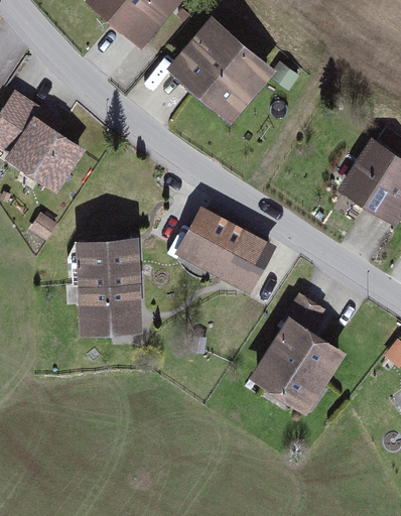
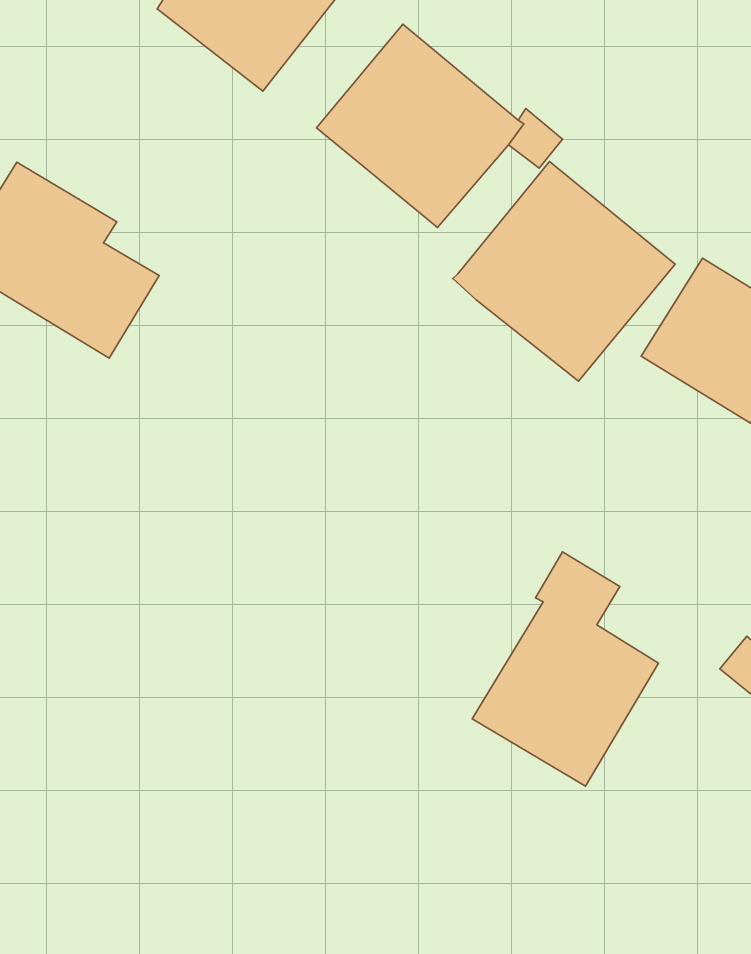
building: none -> [453,161,675,381]
building: [175,206,275,294] -> none
building: [77,237,144,331] -> none

